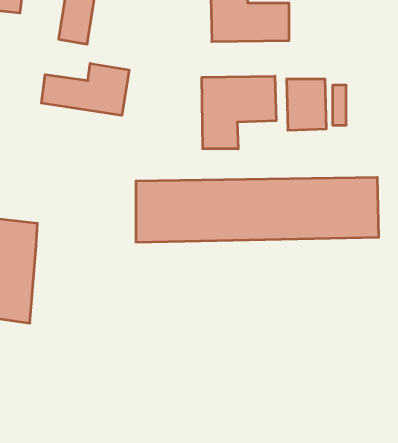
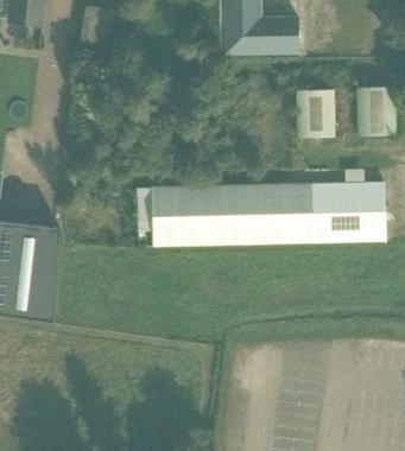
building: [41,63,129,115] -> none
building: none -> [355,85,394,135]
building: [202,76,276,149] -> none

